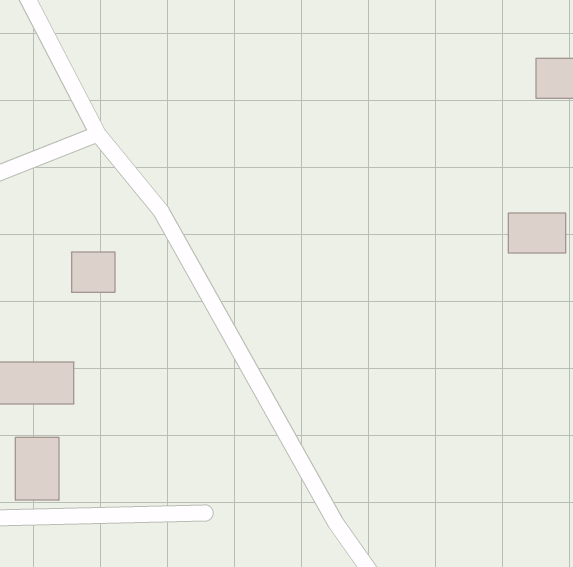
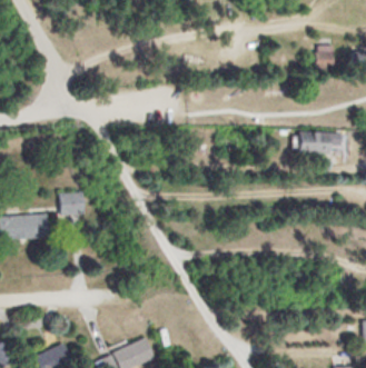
building: [71,252,115,292] -> [62,193,87,216]
building: [16,437,59,500] -> none

